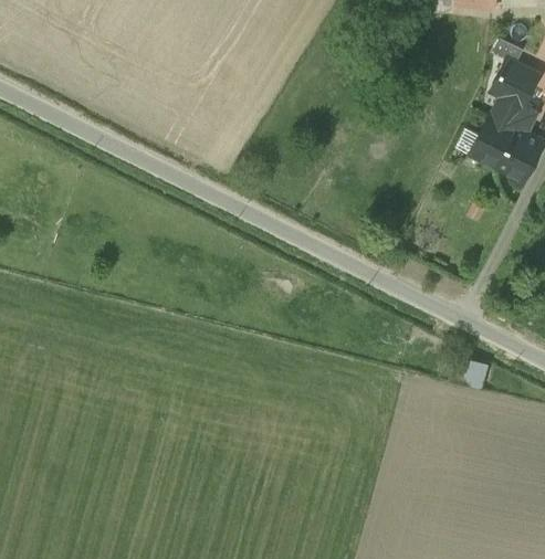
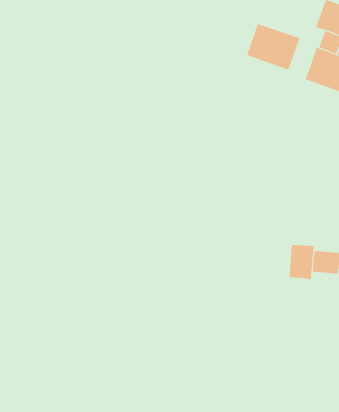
building: none -> [247,23,300,71]
building: none -> [289,244,314,280]

